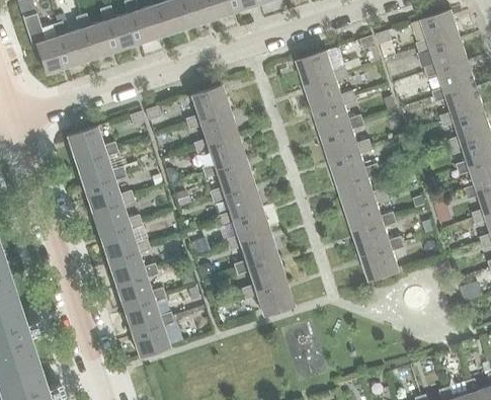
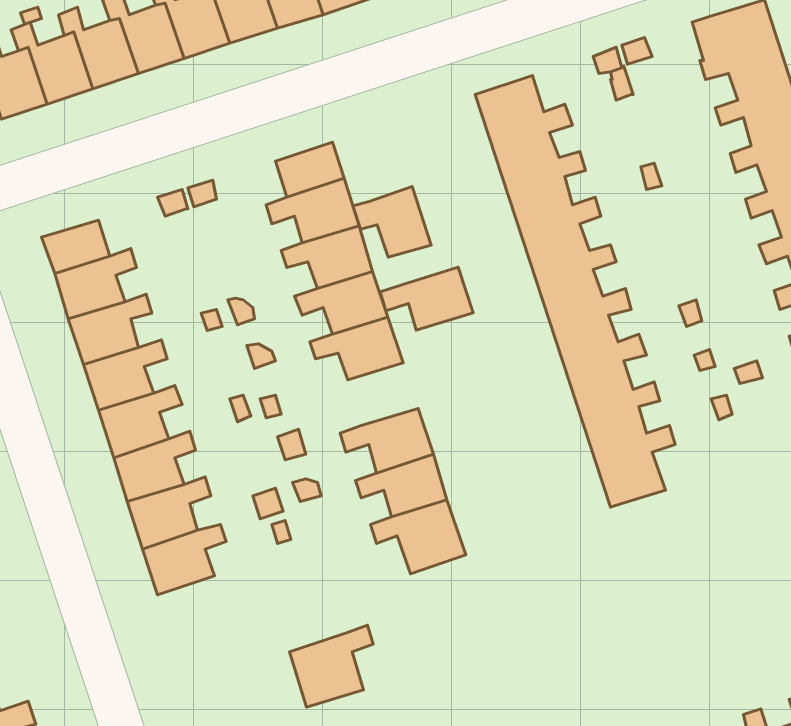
building: none -> [353,186,431,257]
building: [218,204,267,237] -> [380,267,473,330]
building: [129,313,173,356] -> [289,625,373,707]

